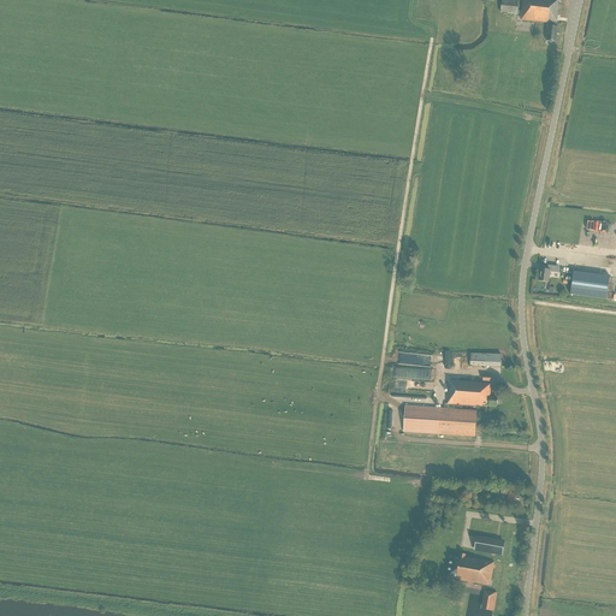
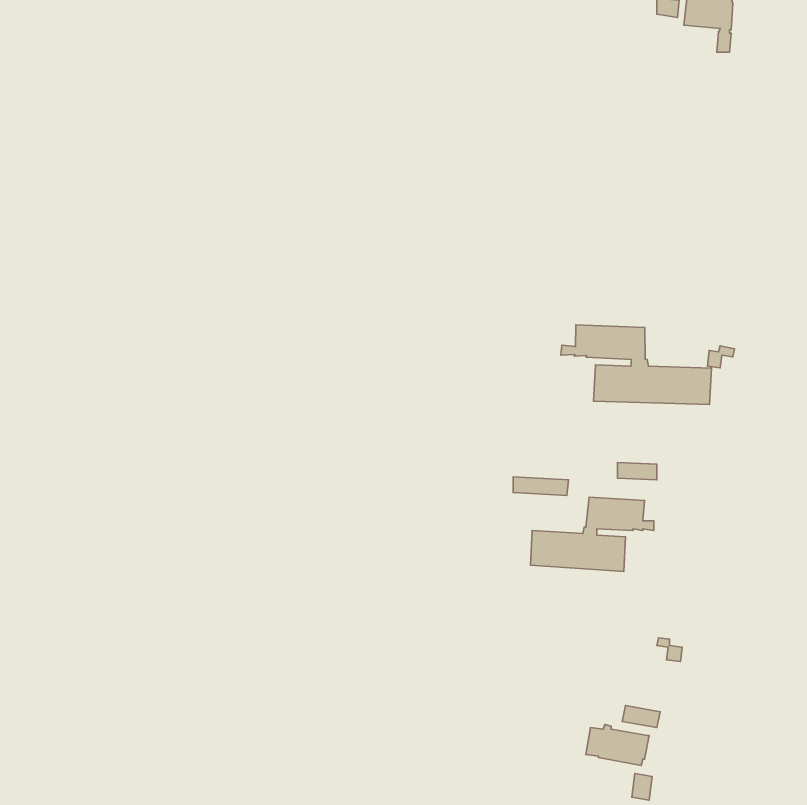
building: none -> [561,325,711,405]
building: [570,270,610,298] -> none

